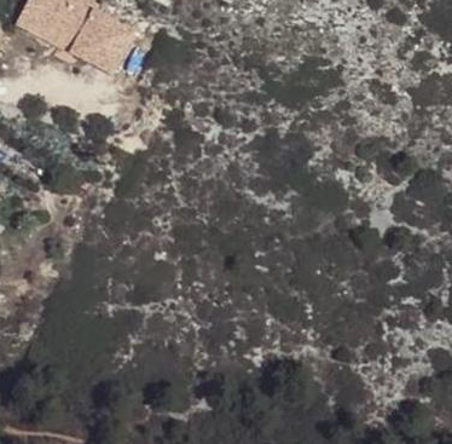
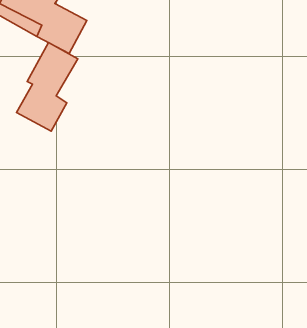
building: none -> [17,43,78,131]

